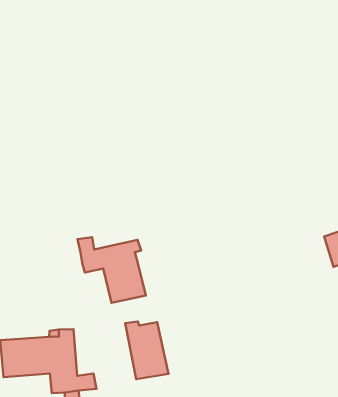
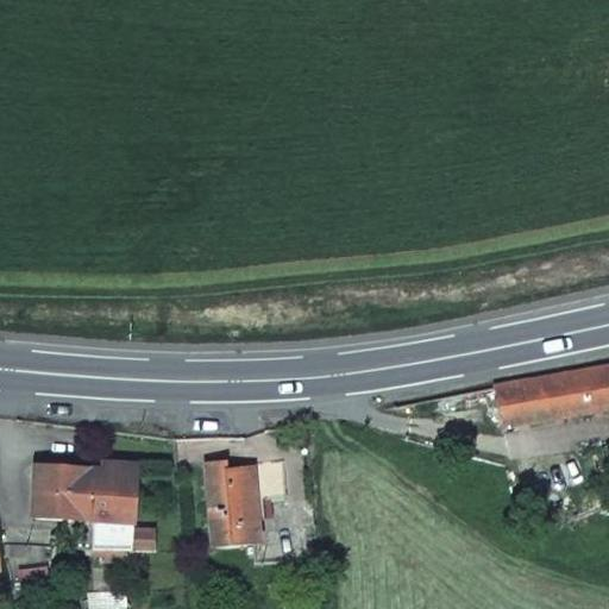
building: [78,237,146,303] -> none

